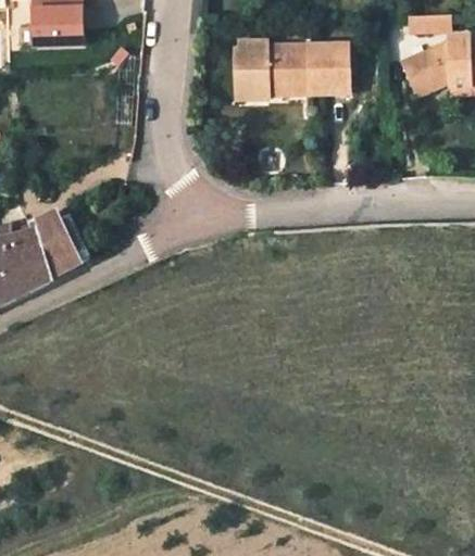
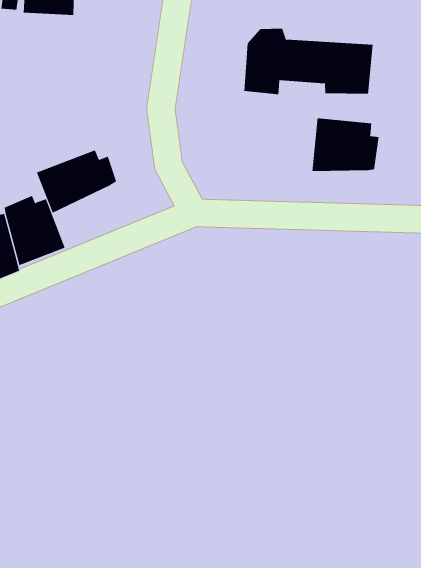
building: none -> [312,117,379,172]
building: none -> [36,150,117,214]

